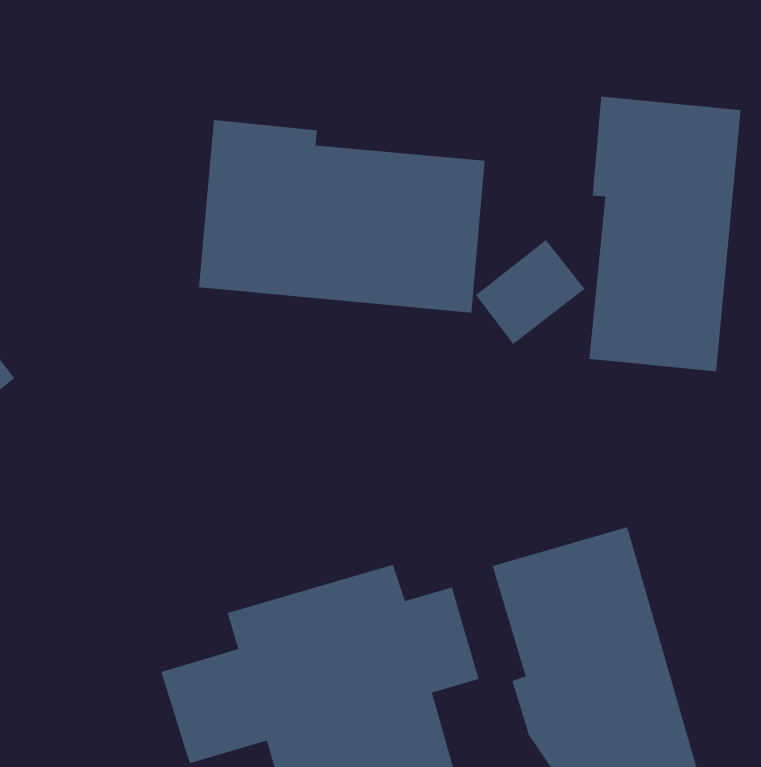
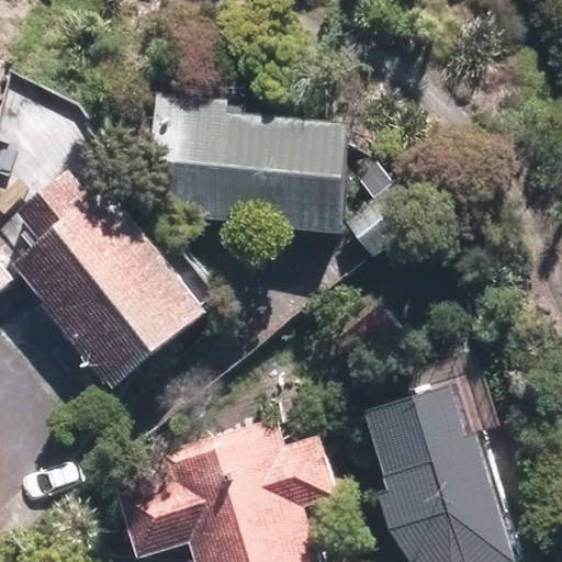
building: [589,96,741,372] -> none
building: none -> [14,167,215,393]

